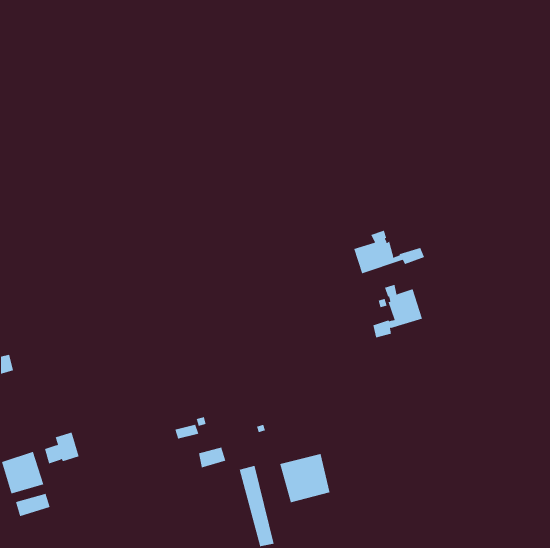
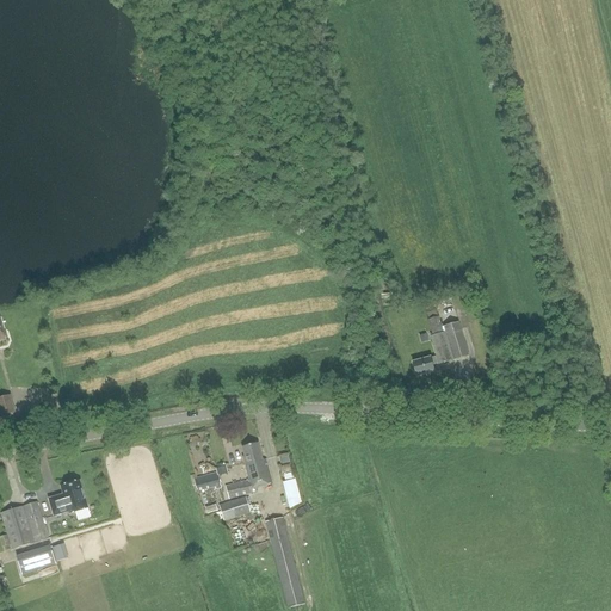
building: [353,230,425,274] -> none
building: none -> [226,442,272,496]
building: [279,453,330,503] -> none

